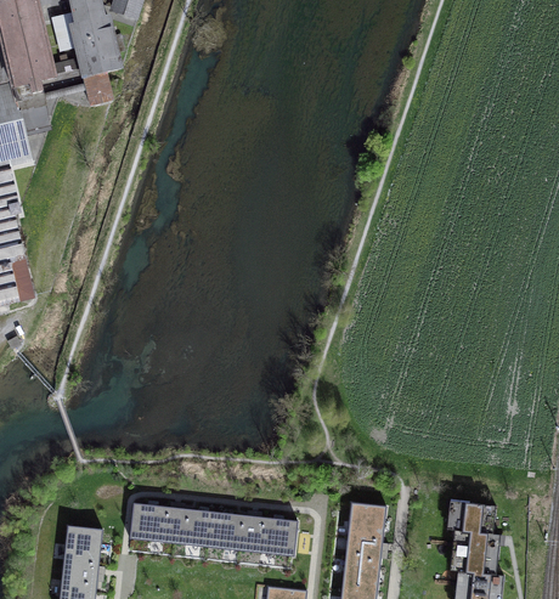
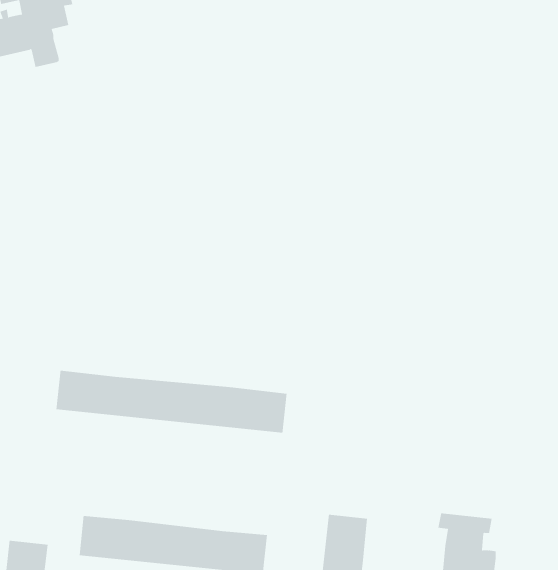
building: none -> [56,370,287,434]

